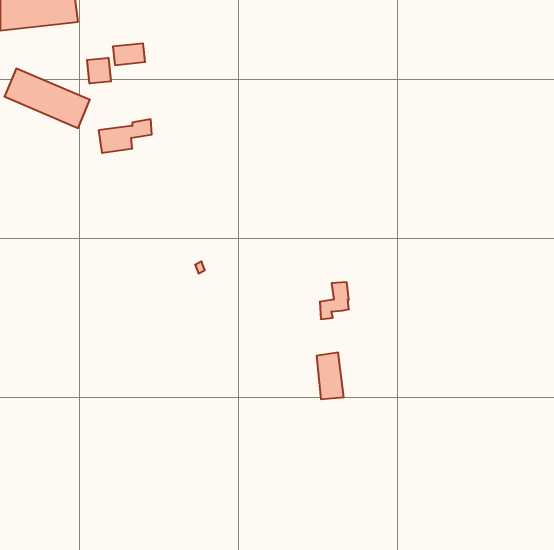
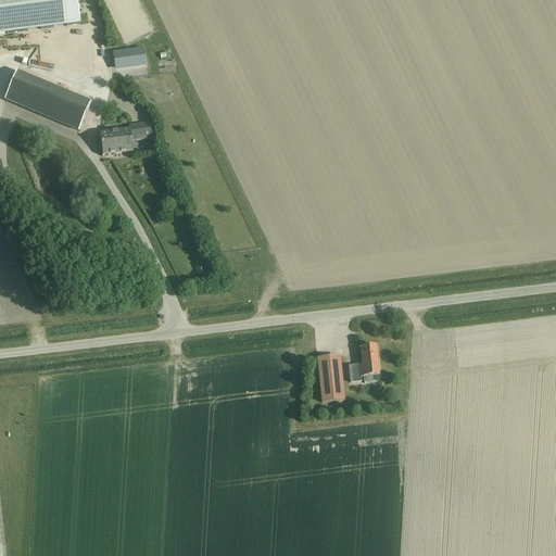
building: [87,58,111,84] -> none
building: [320,282,349,319] -> [349,343,378,380]

